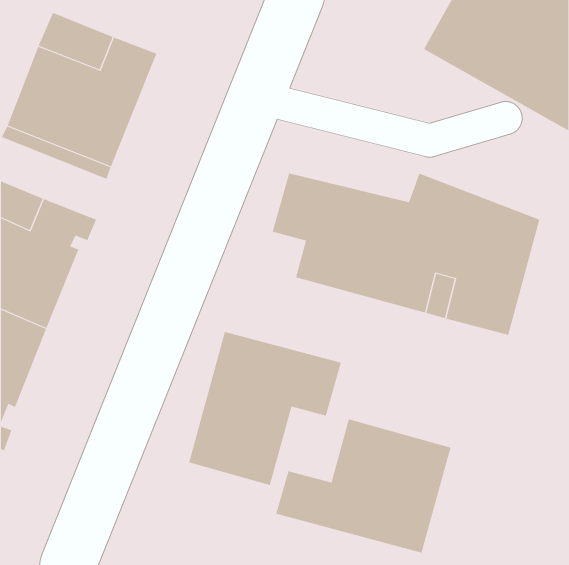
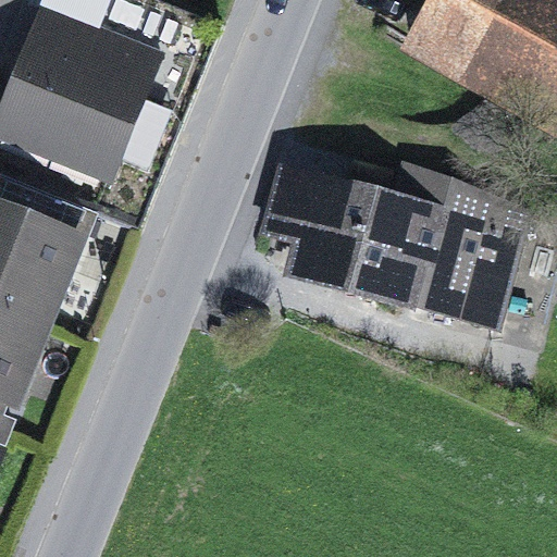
building: [188,331,341,486] -> none
building: [276,419,451,554] -> none

